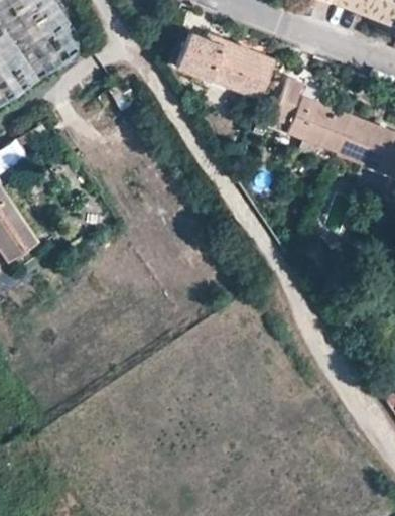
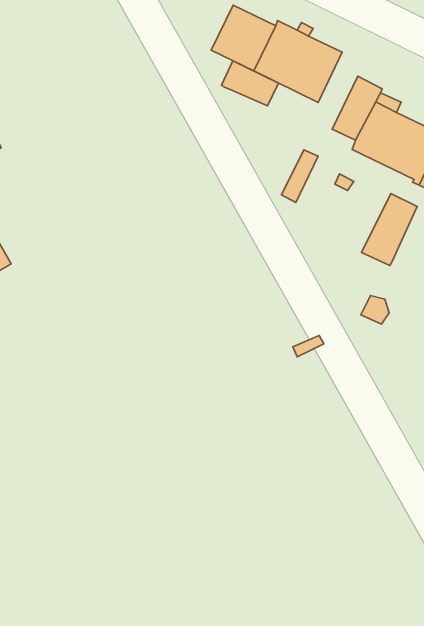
building: none -> [221,61,279,106]
building: none -> [361,193,417,266]

